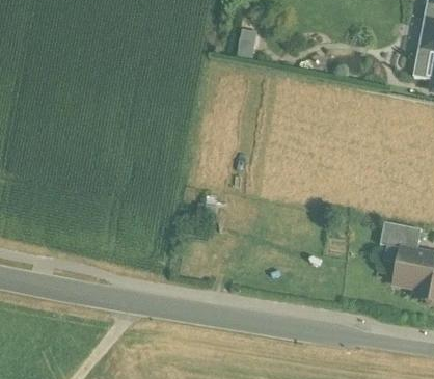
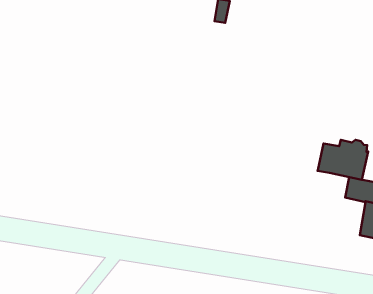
building: none -> [317,140,368,180]

